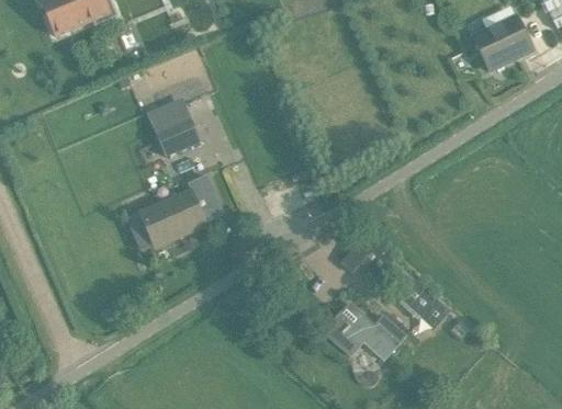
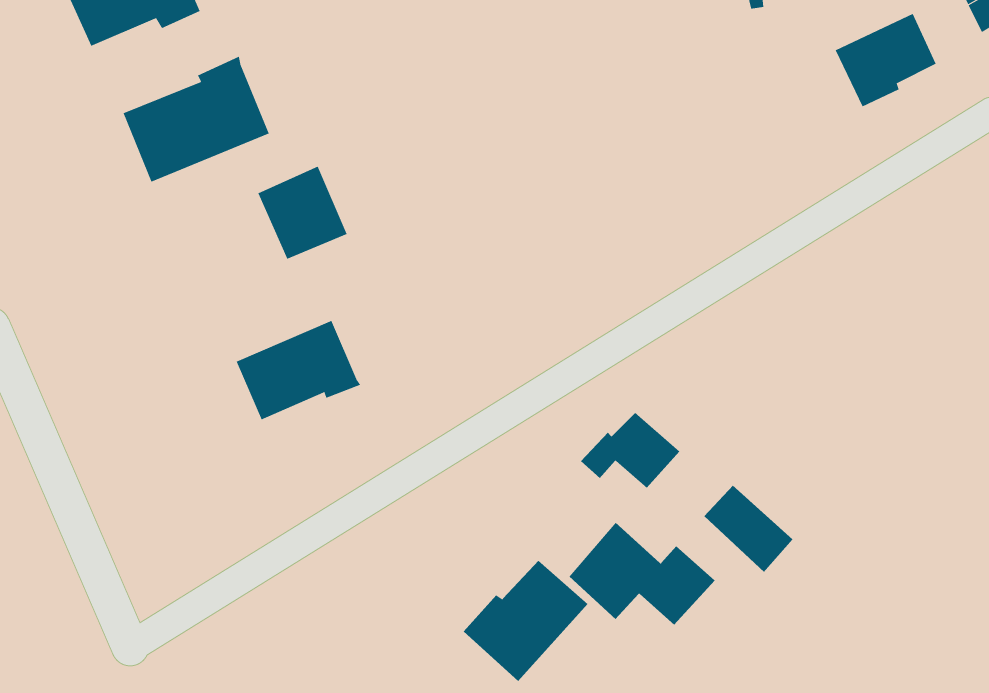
building: none -> [123,56,269,183]
building: [189,177,223,221] -> none
building: none -> [463,560,588,682]

